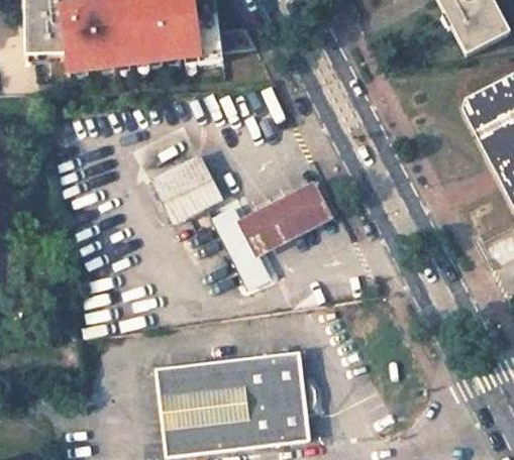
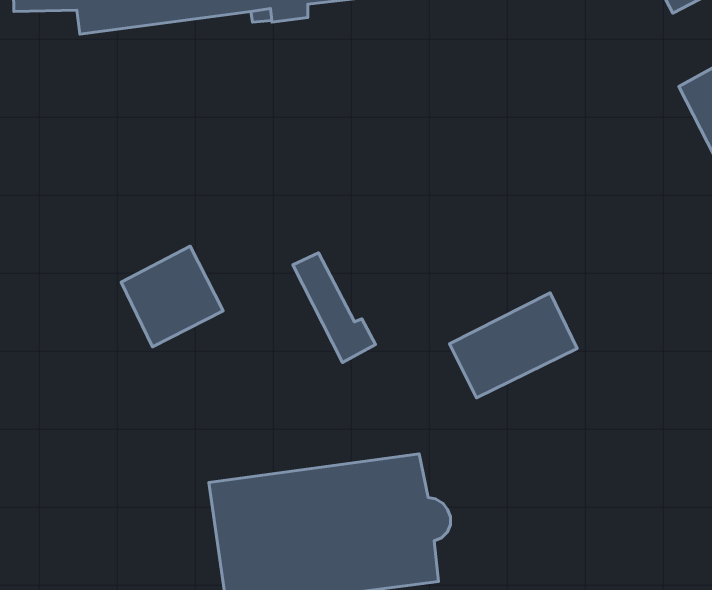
building: [151,156,220,224] -> [121,246,223,347]
building: [237,183,323,253] -> [450,293,577,398]

